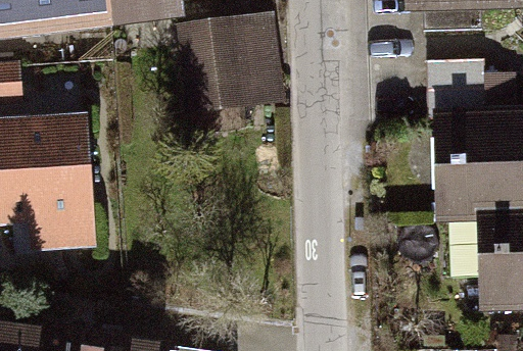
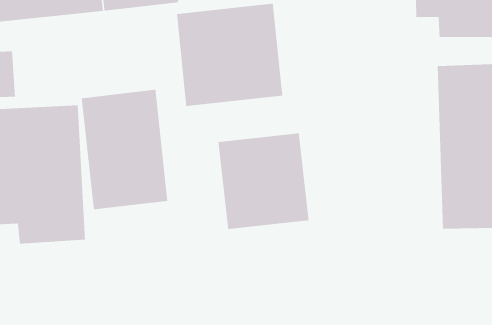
building: none -> [81,89,168,210]
building: none -> [217,133,309,230]

